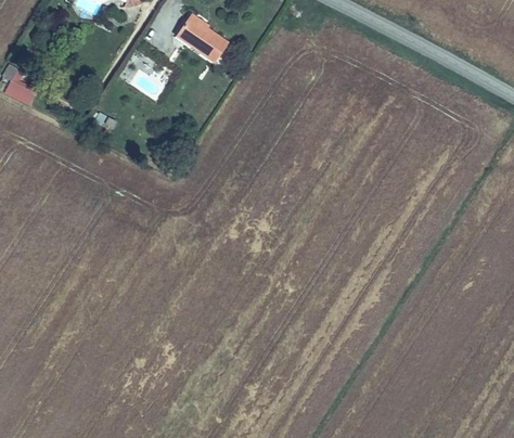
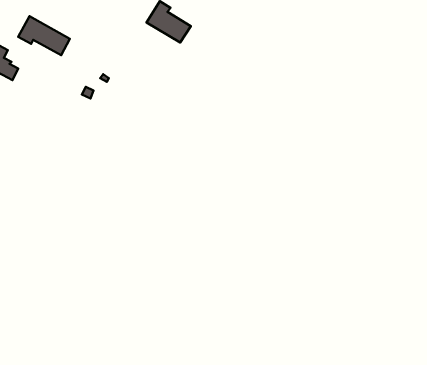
building: none -> [18,16,70,55]

